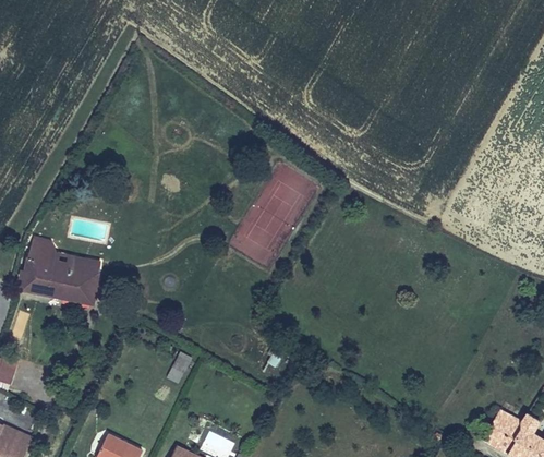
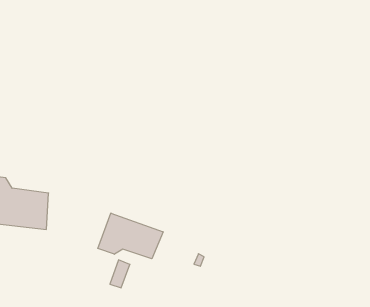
building: none -> [98,213,163,259]

